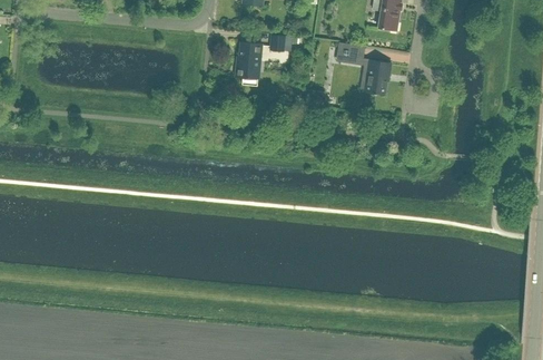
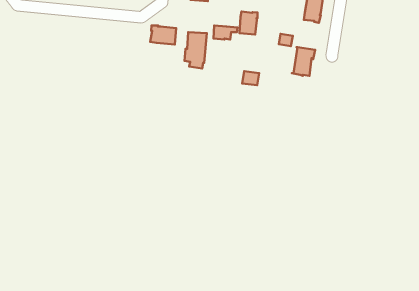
building: none -> [239,11,258,34]
building: none -> [150,26,176,45]

